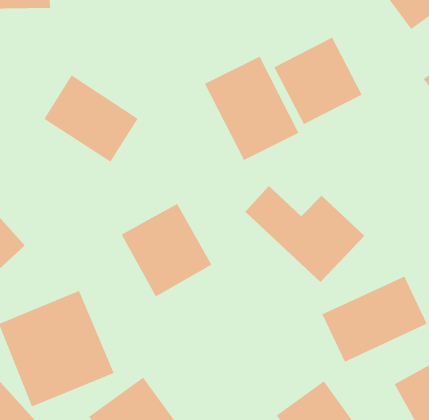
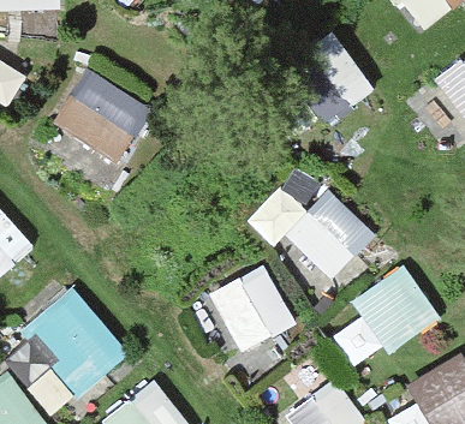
building: [204,56,299,161] -> none
building: [121,203,212,297] -> [205,262,297,356]

